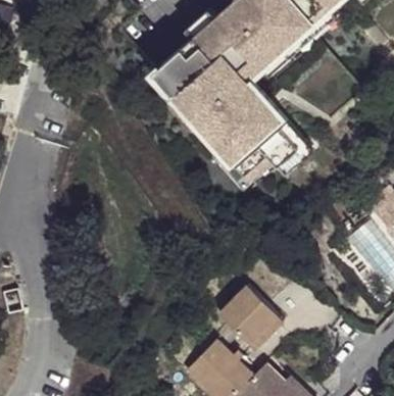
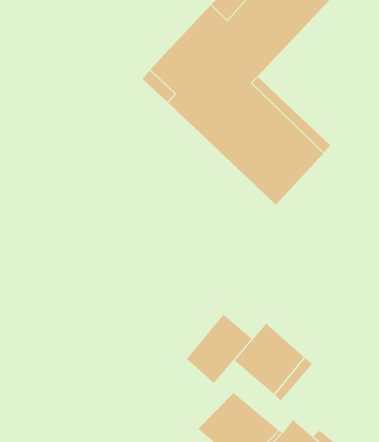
building: none -> [186,314,253,384]

